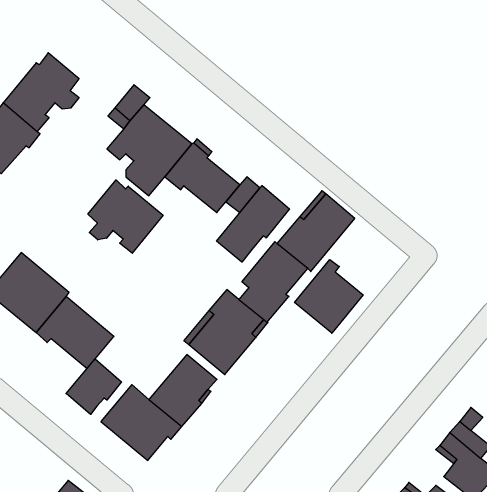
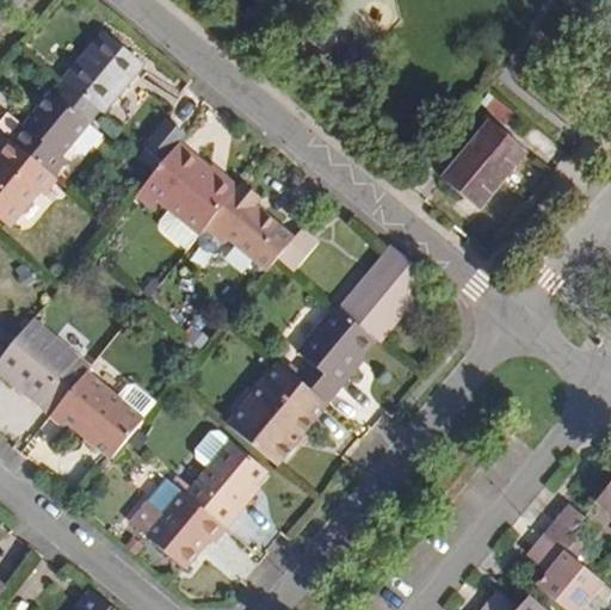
building: none -> [62,30,143,112]
building: none -> [440,118,527,209]
building: [88,180,163,253] -> none
building: [217,186,289,262] -> none
building: [295,260,363,333] -> none
building: [66,359,122,414] -> none

